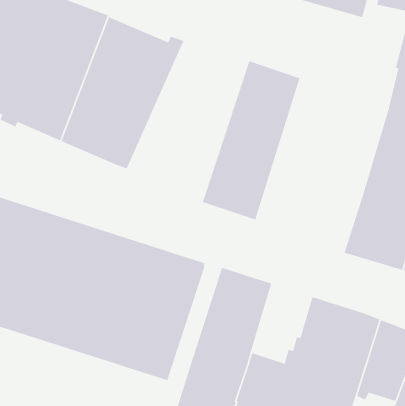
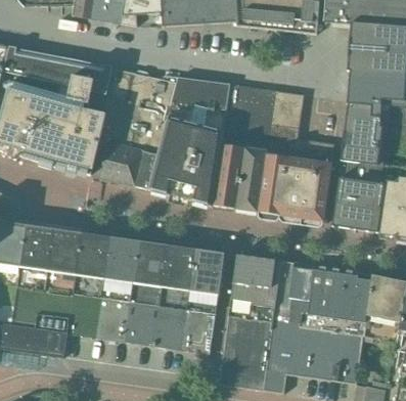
building: none -> [147,77,230,206]
building: none -> [258,91,333,221]
building: none -> [272,260,313,322]

